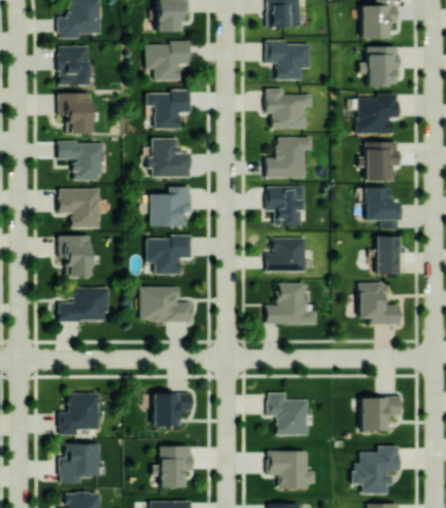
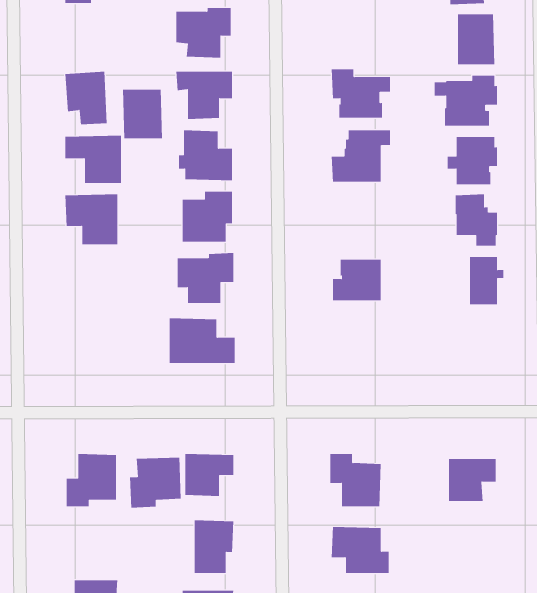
building: [266,42,310,80] -> none
building: [58,46,90,85] -> [122,89,163,139]
building: [269,187,307,227] -> none
building: [59,235,91,277] -> none
building: [266,283,316,324] -> none
building: [359,285,400,326] -> none
building: [59,287,109,322] -> none
building: [59,443,100,483] -> [129,457,181,508]
building: [352,445,399,494] -> none

